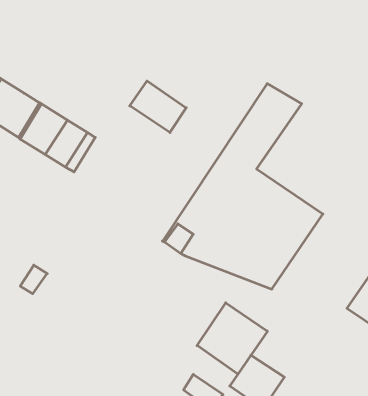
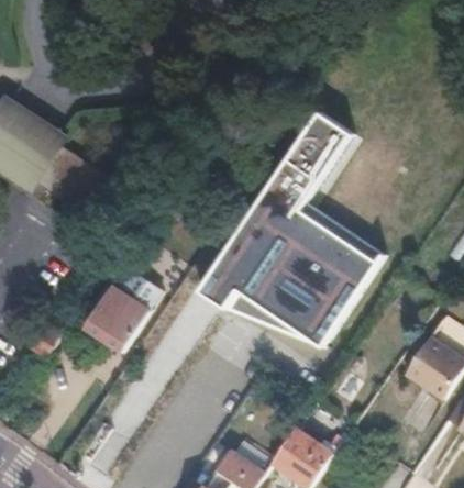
building: [130,81,186,133] -> none
building: none -> [85,276,157,348]
building: [197,303,267,374] -> none

